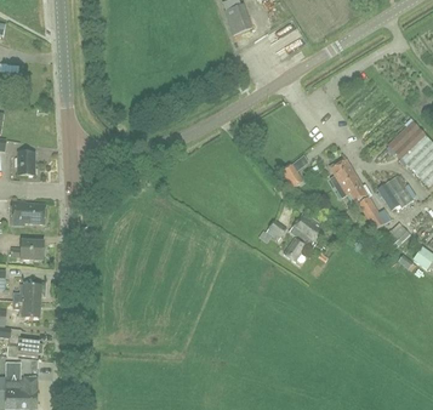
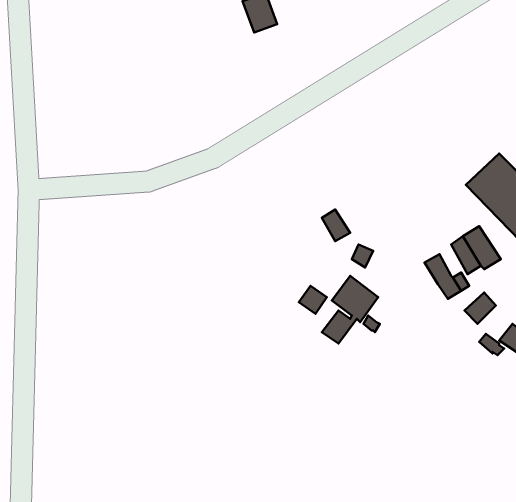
building: [327,158,366,200] -> none

